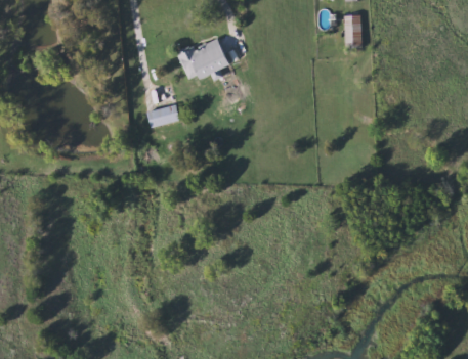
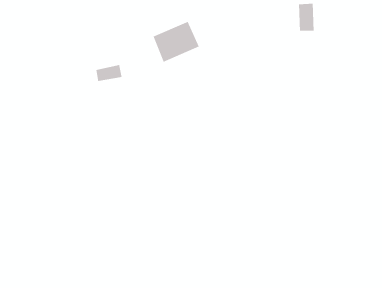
building: [147,105,178,126] -> [96,64,122,82]

